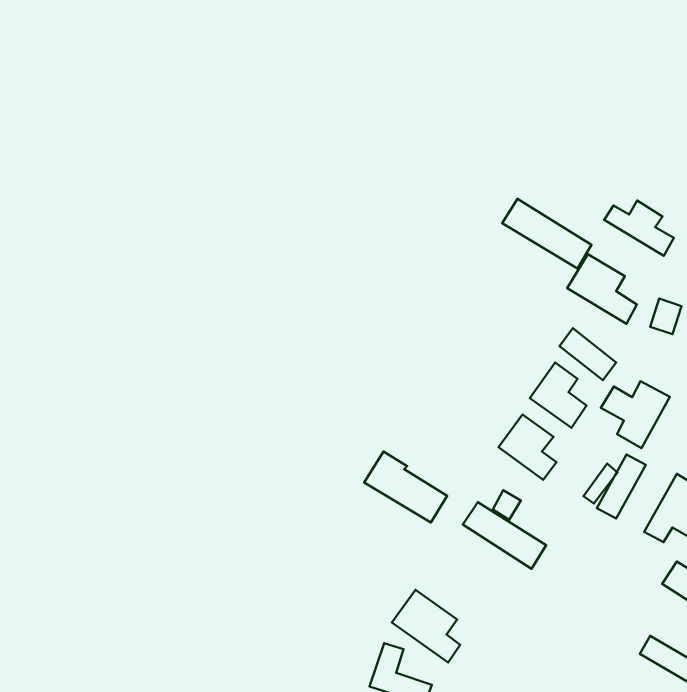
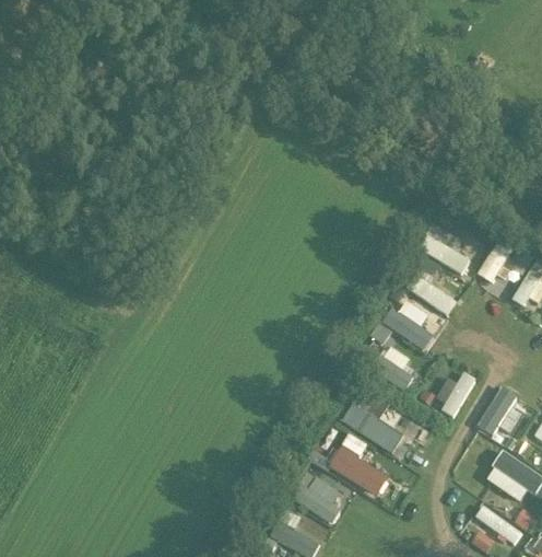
building: [502,199,591,268] -> none
building: [604,201,674,256] -> none
building: [601,381,670,448] -> none
building: [364,451,447,523] -> [328,444,389,497]

